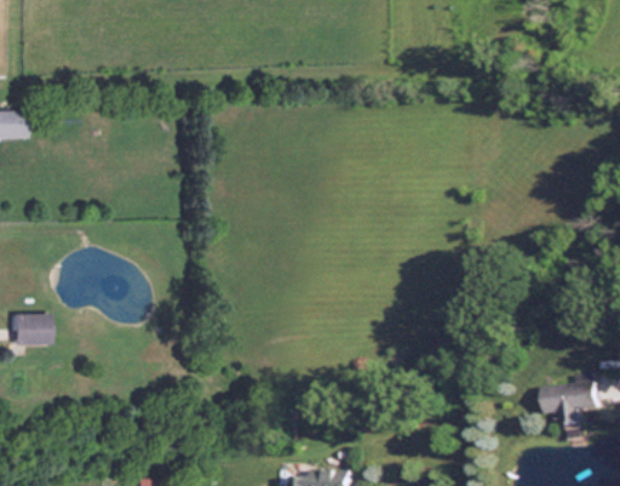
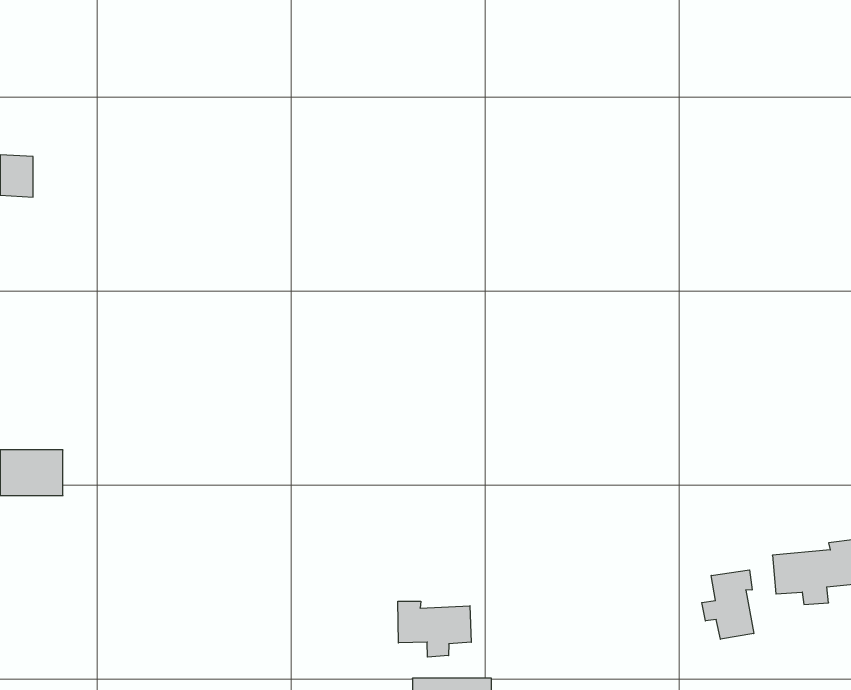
building: none -> [702,570,754,639]
building: none -> [398,601,471,657]

